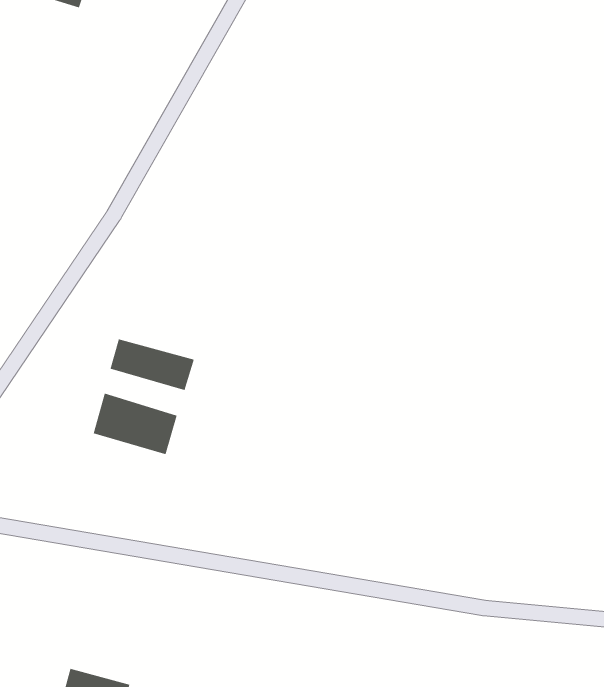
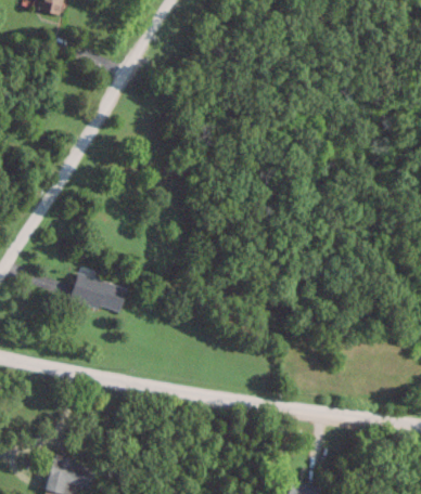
building: [110,339,194,391] -> none

